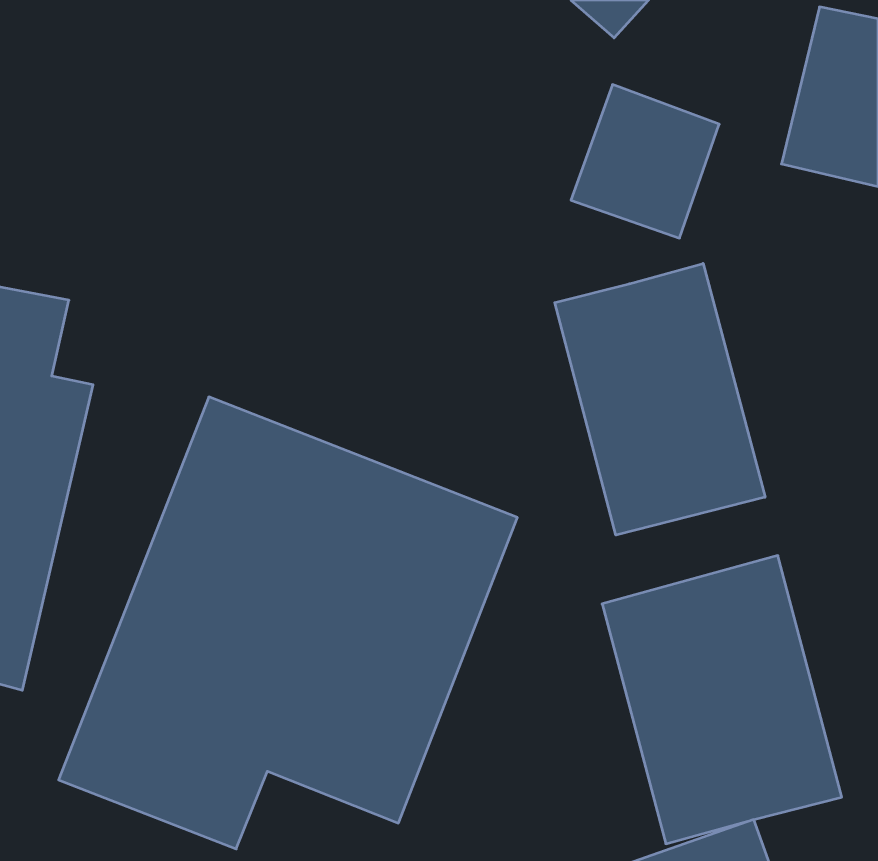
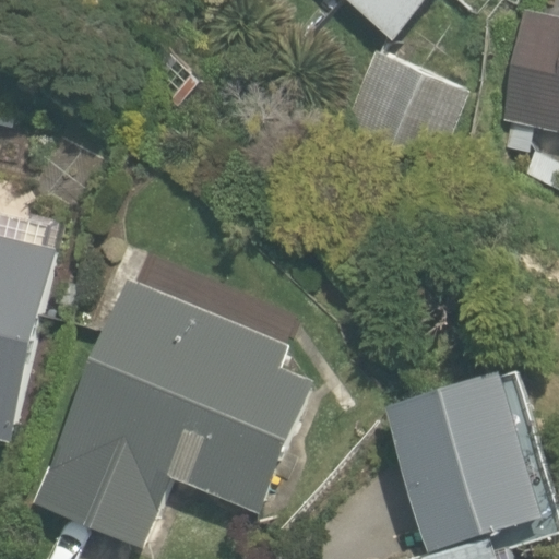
building: [555,263,765,535] -> none

